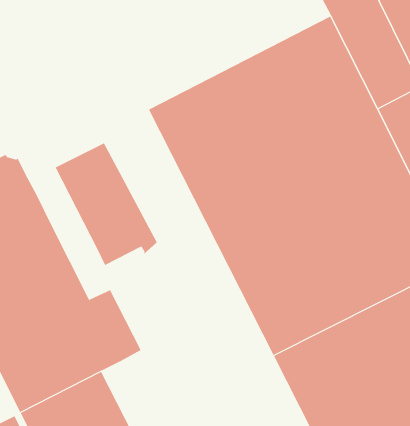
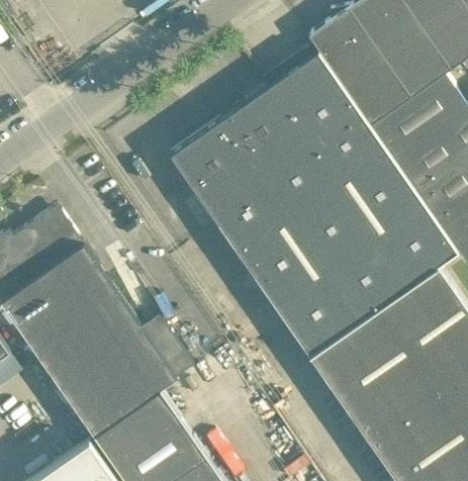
building: [55,143,157,266] -> none

